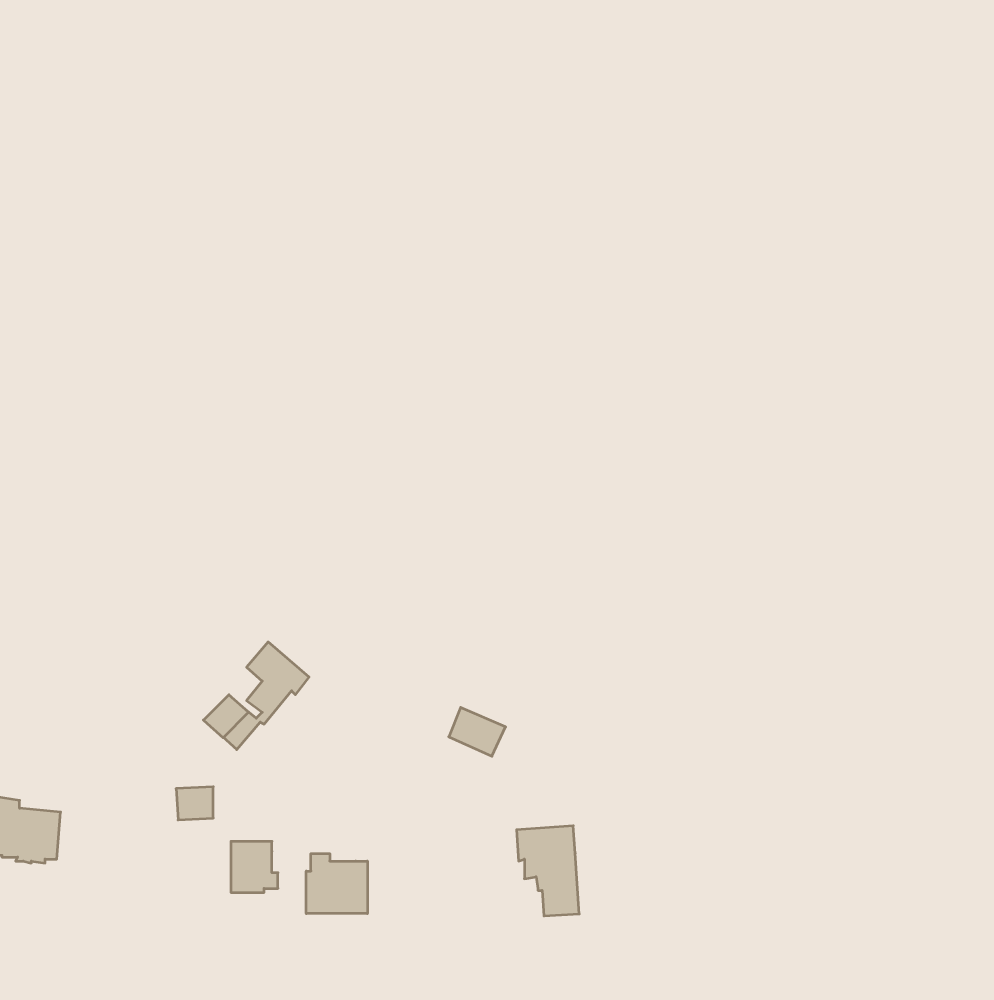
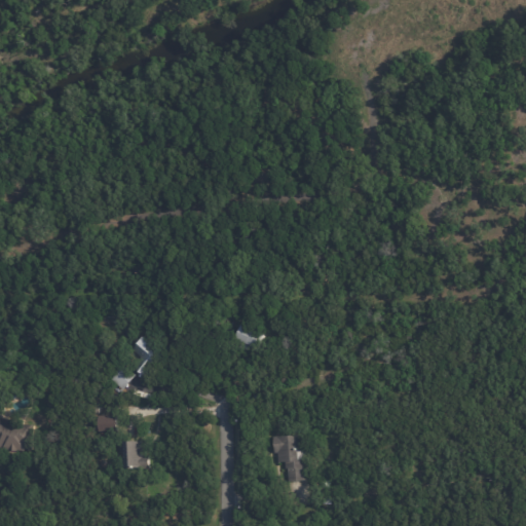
building: [449,707,506,756] -> [231,326,261,351]
building: [306,854,367,914] -> none

